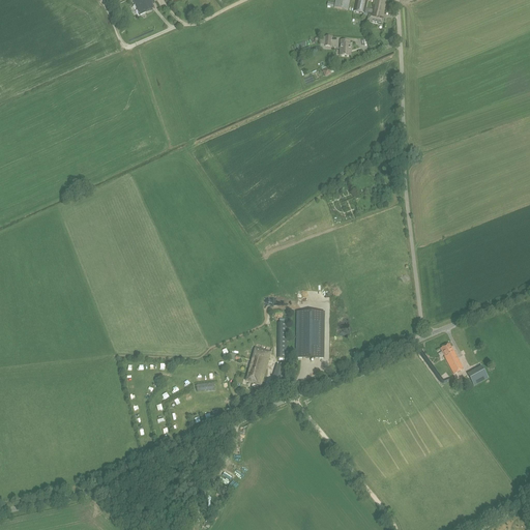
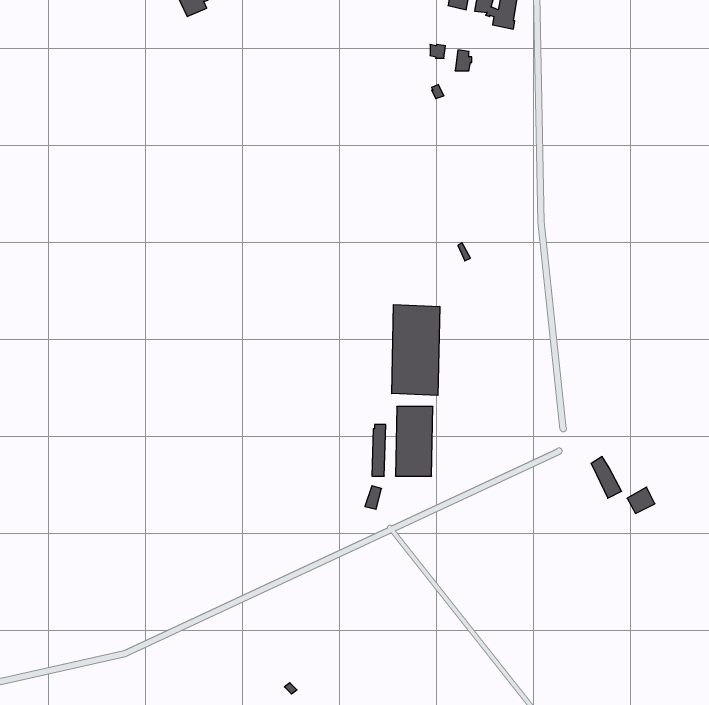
building: none -> [392,305,440,395]
building: [246,345,271,382] -> none

